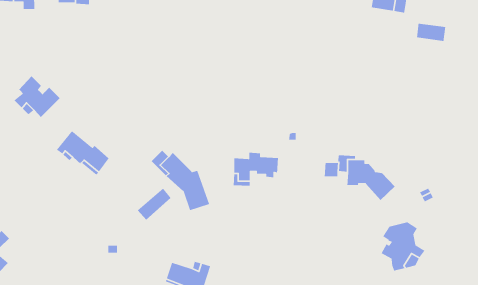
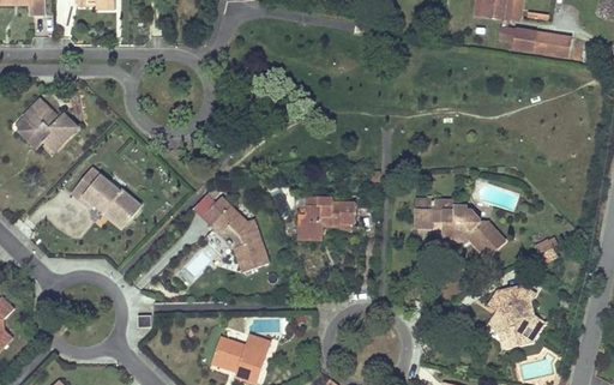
building: none -> [499,26,534,50]

